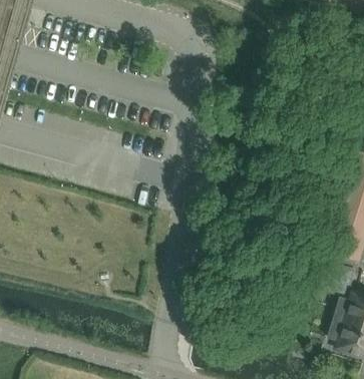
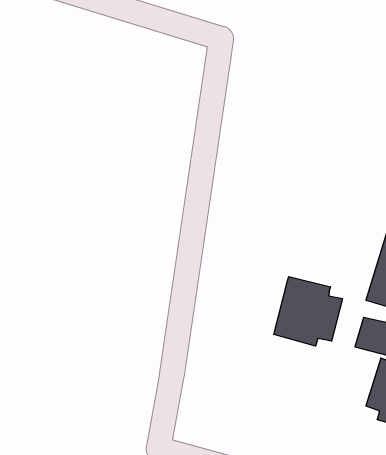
building: none -> [274,277,342,346]

